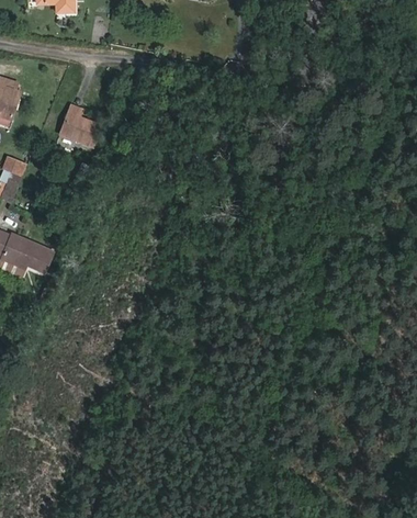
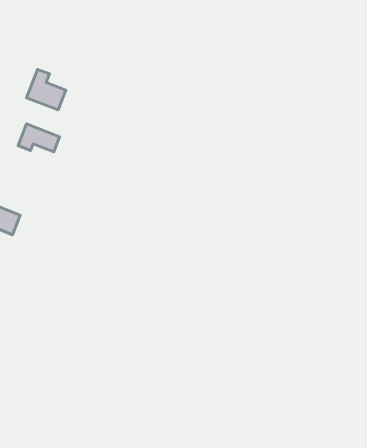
building: none -> [18,124,59,152]

